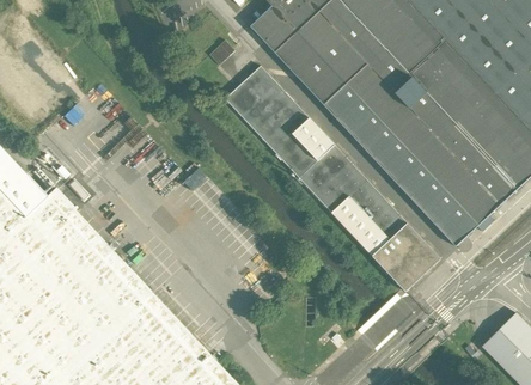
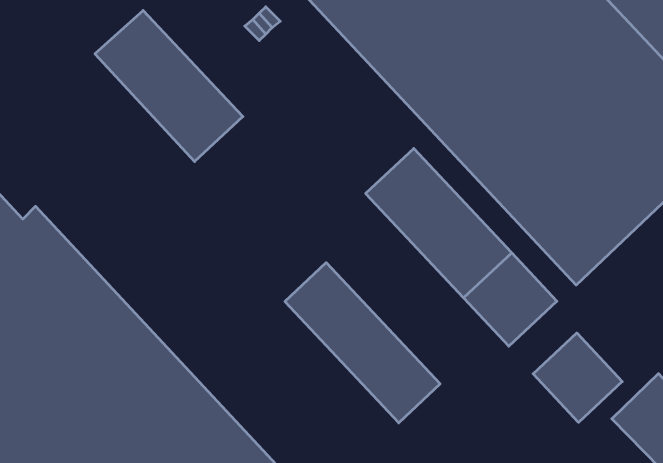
building: [225,66,335,178] -> [95,10,243,162]
building: none -> [285,263,440,423]
building: none -> [533,333,622,422]

